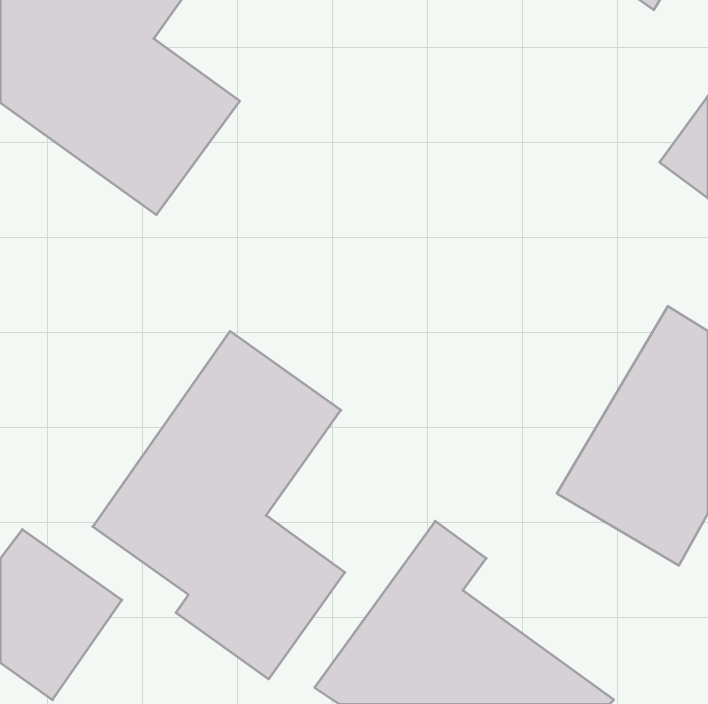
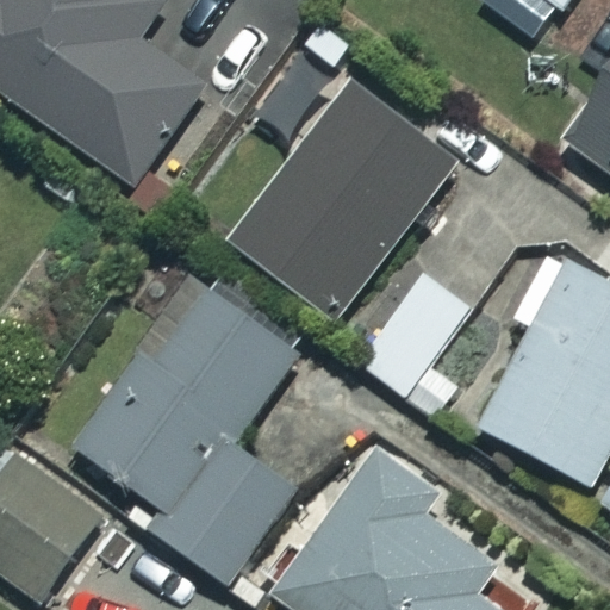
building: none -> [236,87,455,320]
building: none -> [361,273,471,416]

